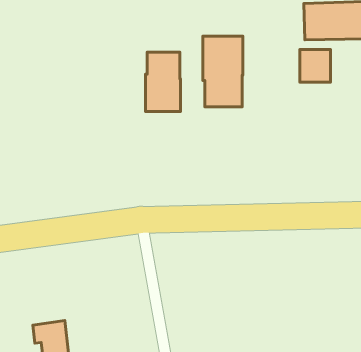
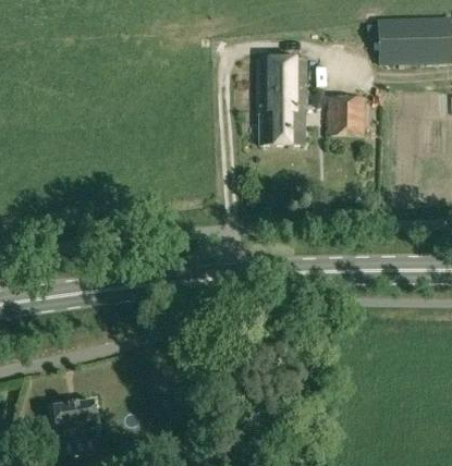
building: [300,50,331,82] -> [327,96,364,135]
building: [145,52,181,111] -> none

